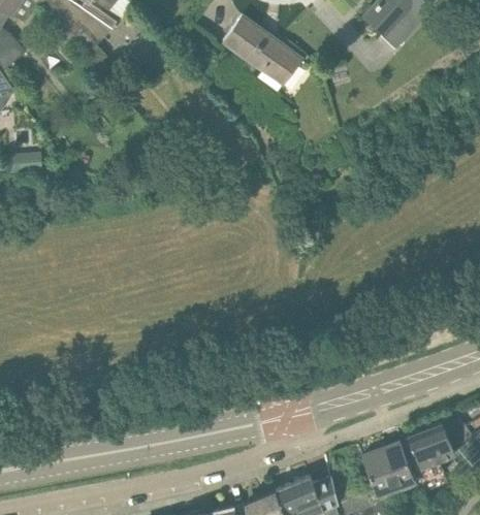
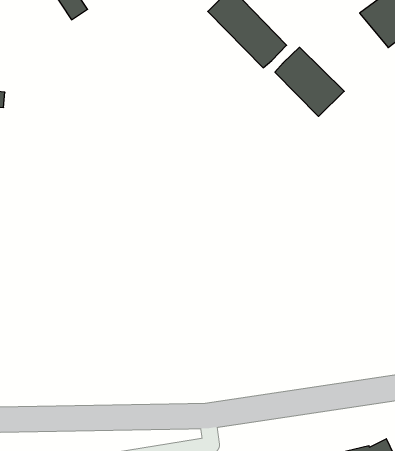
building: none -> [275,47,344,116]

